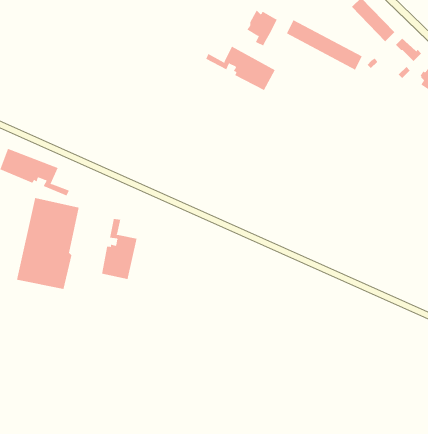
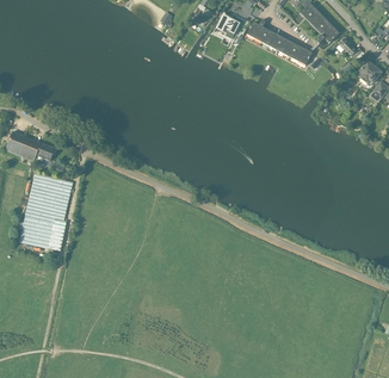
building: [206,46,275,91] -> none
building: [101,218,137,280] -> none

